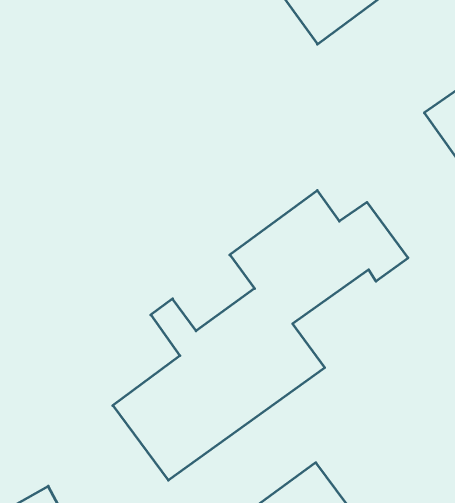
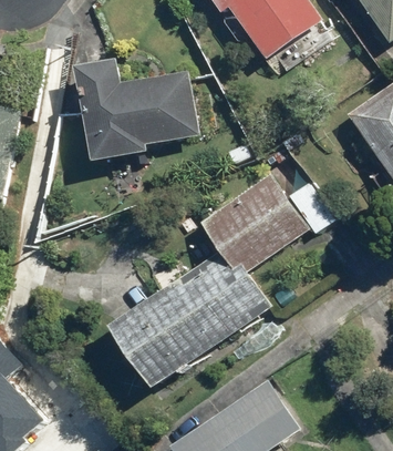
building: none -> [75,59,198,163]

